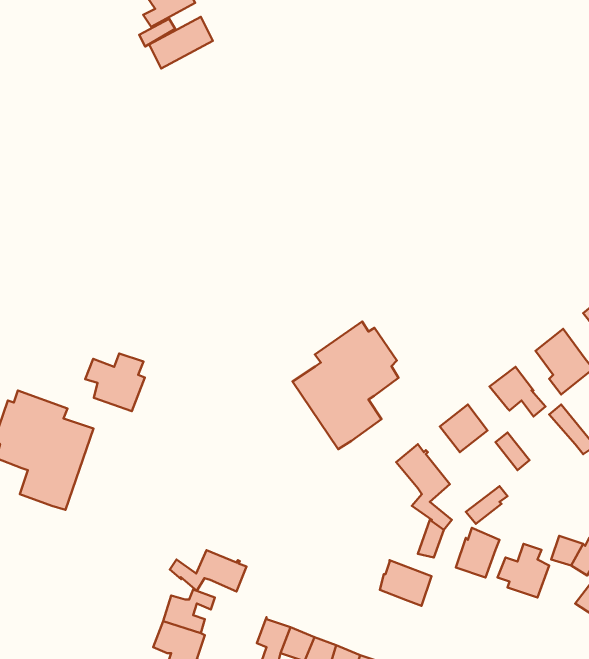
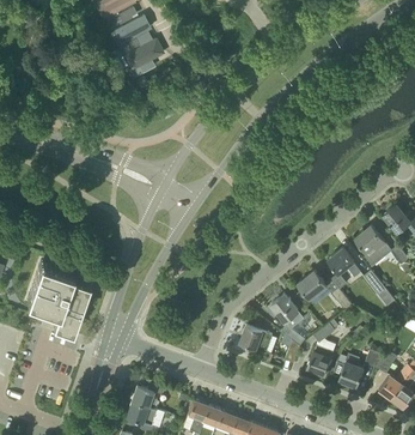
building: [292,322,399,449] -> none
building: [85,354,145,411] -> none
building: [170,550,246,592] -> none
building: [380,560,431,606] -> [240,326,271,354]

